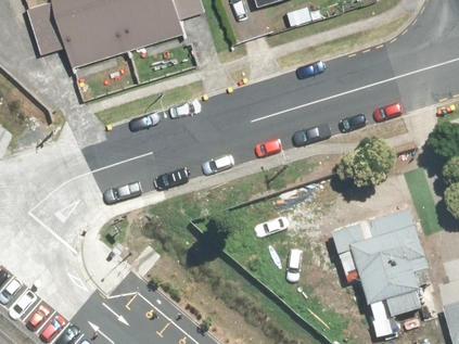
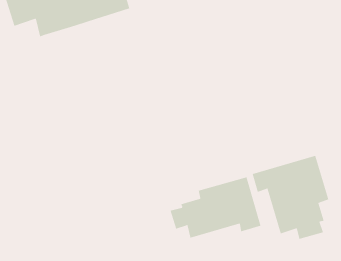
building: none -> [170,176,261,239]

